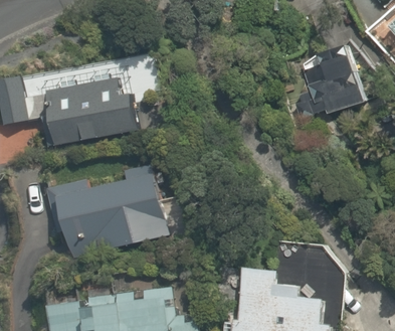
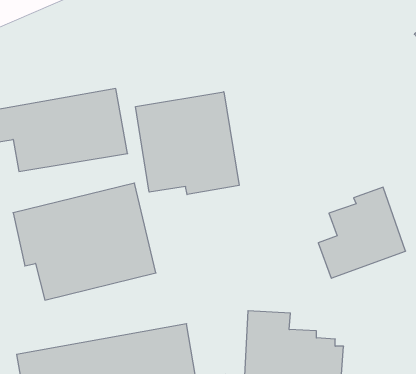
building: [293,49,368,127] -> [318,187,406,278]
building: none -> [136,92,239,195]

